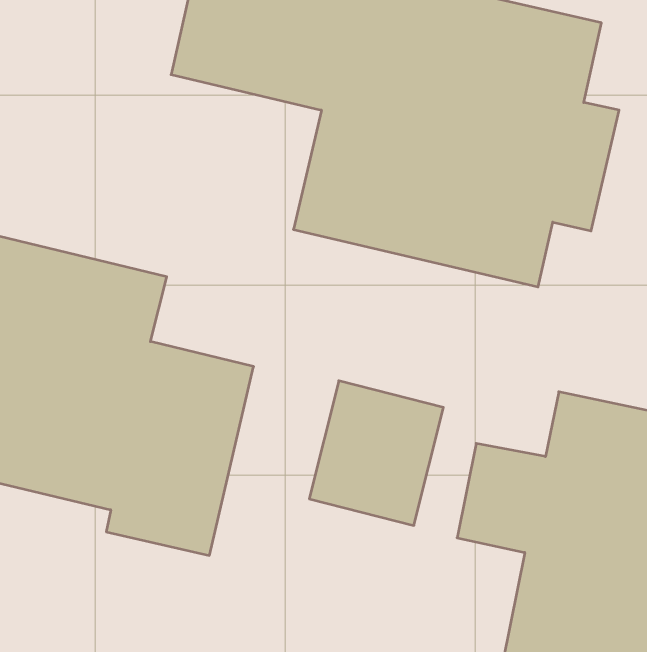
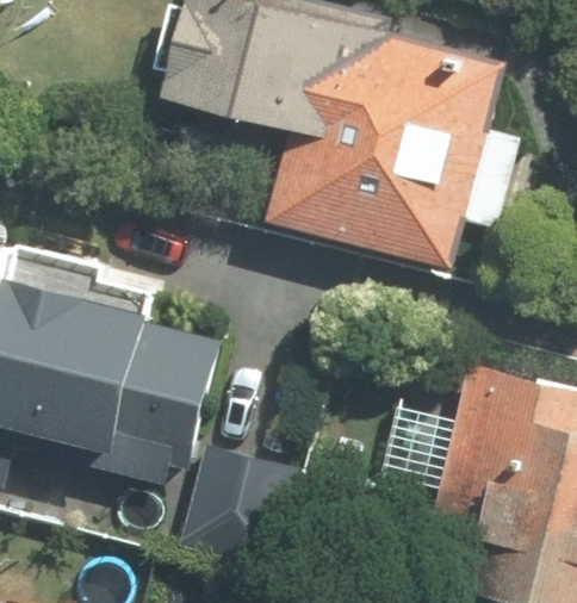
building: [309,381,443,525] -> [182,443,291,560]

